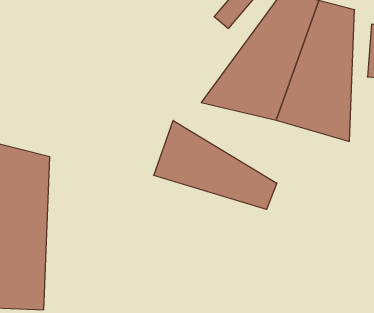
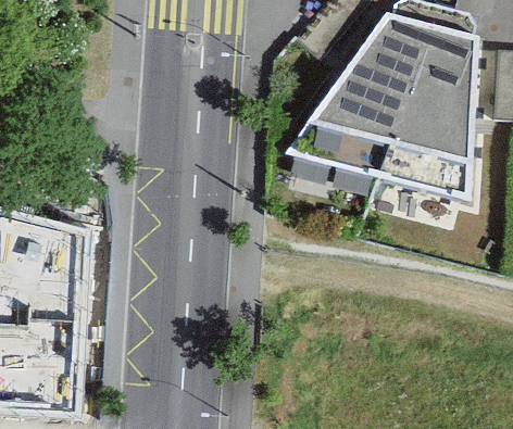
building: [154,120,277,209] -> none

